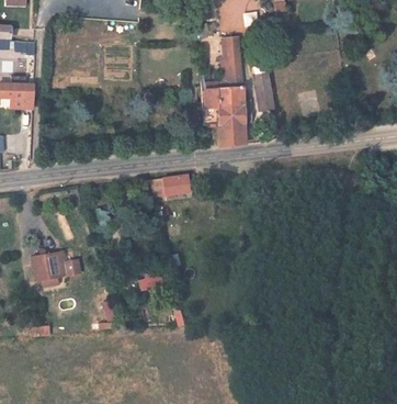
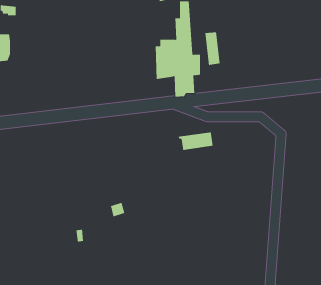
building: [147,175,189,197] -> [178,132,213,151]
building: [31,250,67,281] -> none

